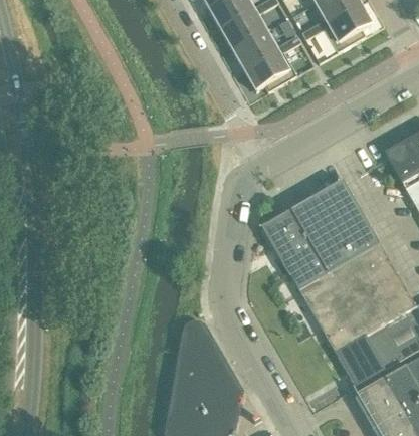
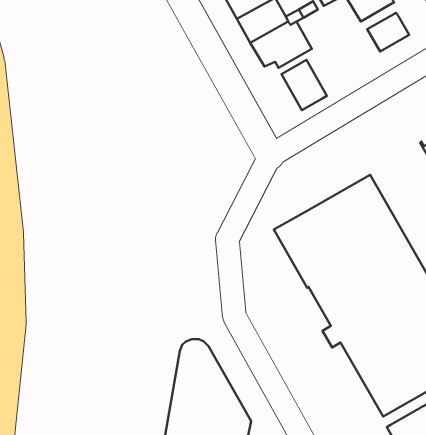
building: none -> [367,13,409,51]
building: none -> [281,60,327,110]

